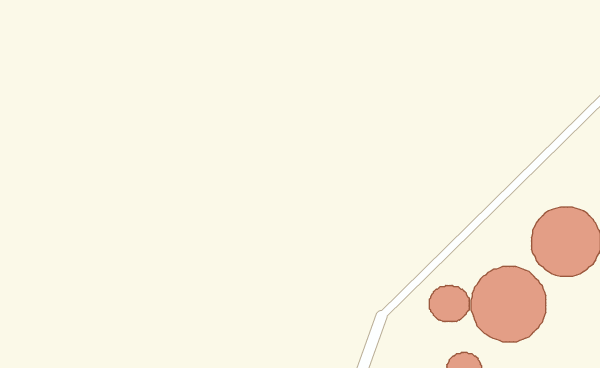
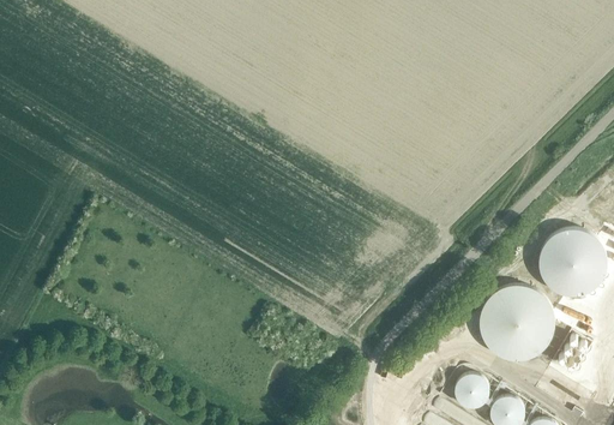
building: [429,285,469,322] -> none

